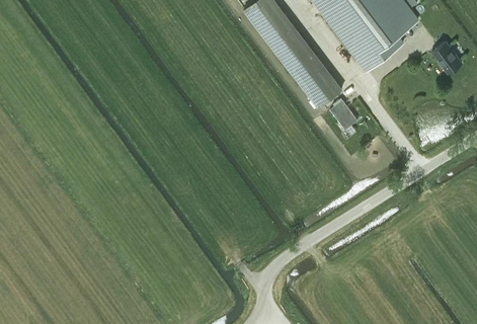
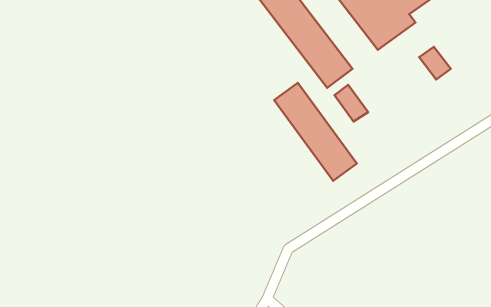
building: [431,43,462,74] -> [419,47,451,79]
building: none -> [274,83,357,181]

